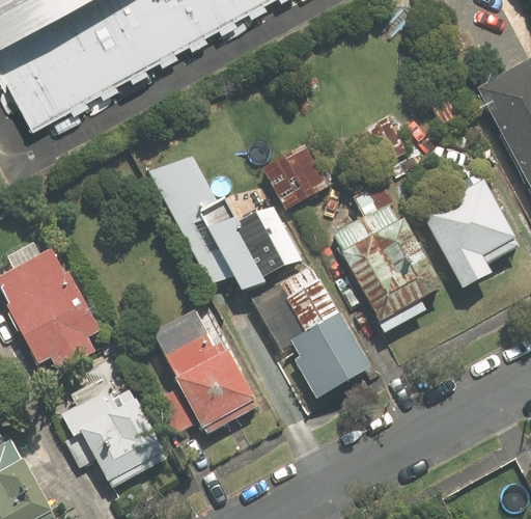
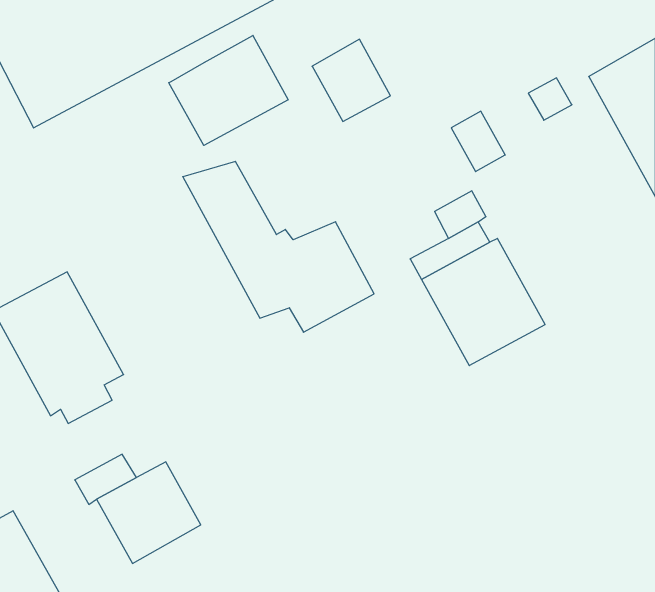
building: none -> [169,35,288,145]
building: [267,145,330,212] -> [312,39,390,121]
building: [420,180,513,289] -> none
building: [257,265,369,399] -> none
building: [149,307,254,429] -> none

